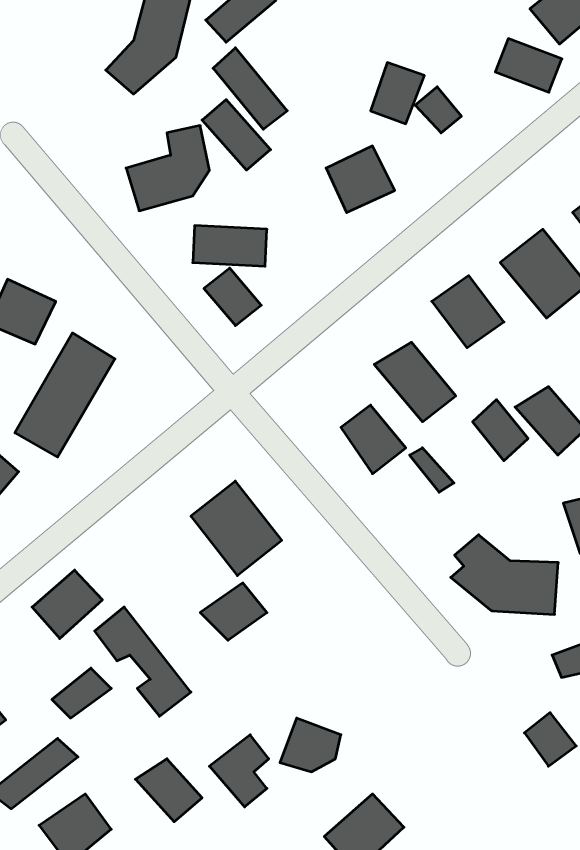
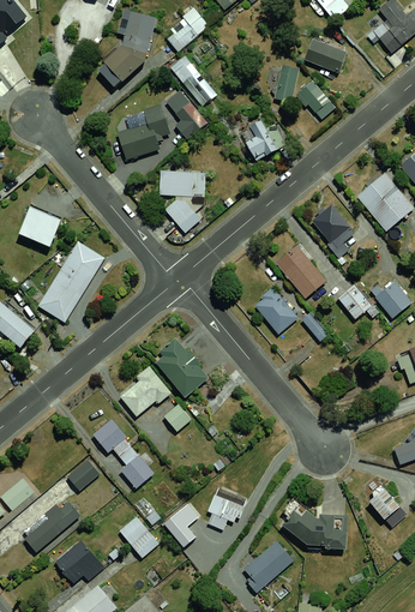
building: [495,39,562,92] -> [301,36,344,71]
building: [451,535,558,614] -> [275,497,344,548]
building: [32,570,102,639] -> [116,371,162,415]

